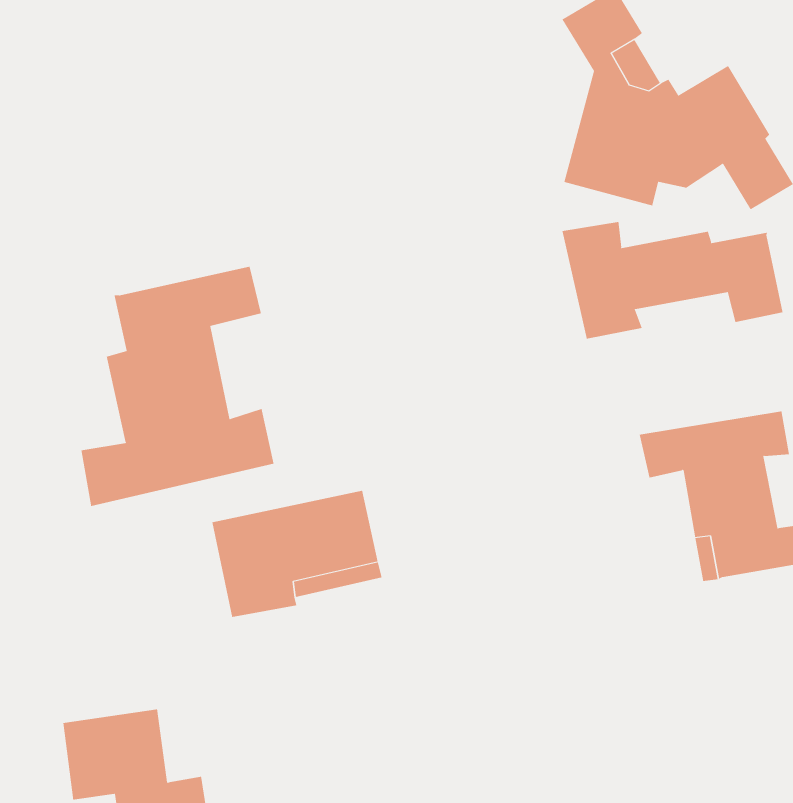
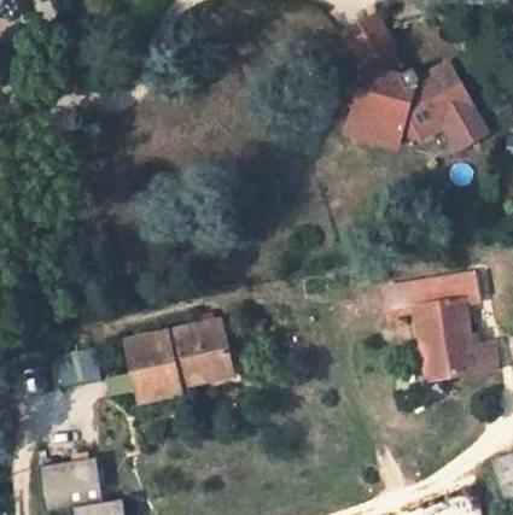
building: [562,221,783,339] -> none
building: [81,266,274,507] -> none

